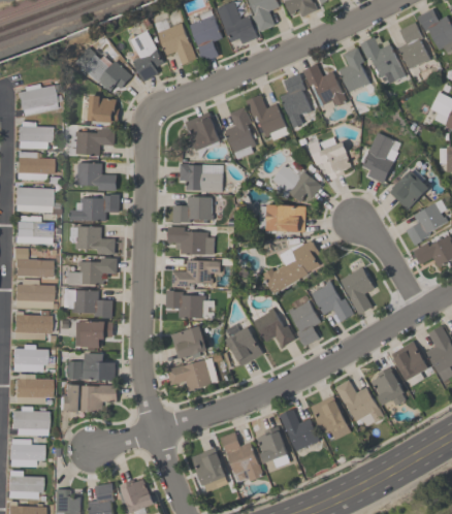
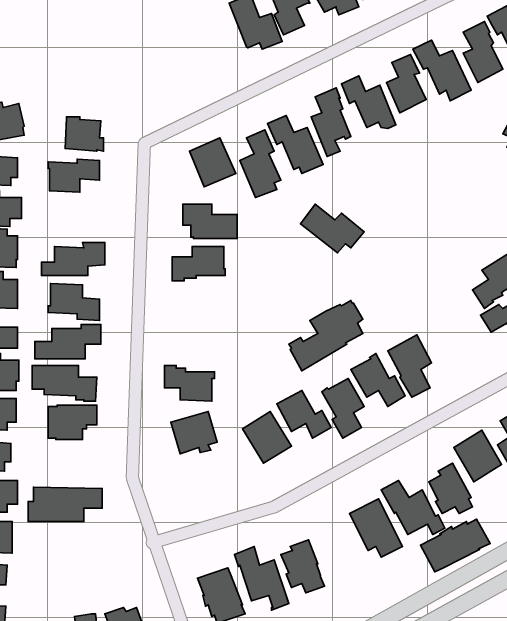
building: [189,9,223,62] -> none
building: [157,23,197,65] -> none
building: [130,30,164,82] -> none
building: [74,46,132,93] -> none
building: [363,133,398,184] -> none
building: [306,137,352,180] -> none
building: [75,162,117,190] -> none
building: [389,170,429,210] -> none
building: [260,205,306,232] -> none
building: [168,228,215,255] -> none
building: [172,261,221,288] -> none
building: [66,353,116,380] -> none
building: [167,357,219,391] -> none
building: [280,409,320,451] -> none
building: none -> [420,519,490,572]

